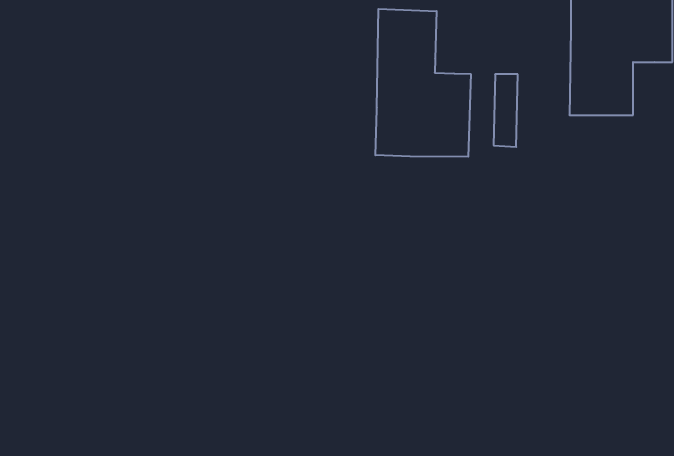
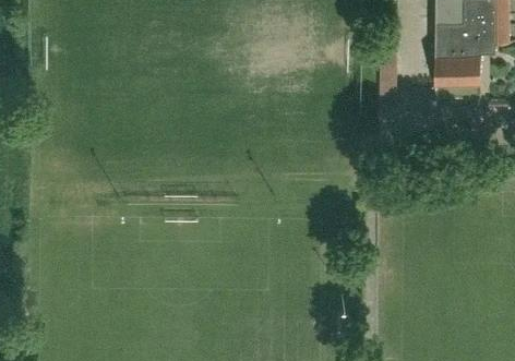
building: [375,9,471,157] -> none

